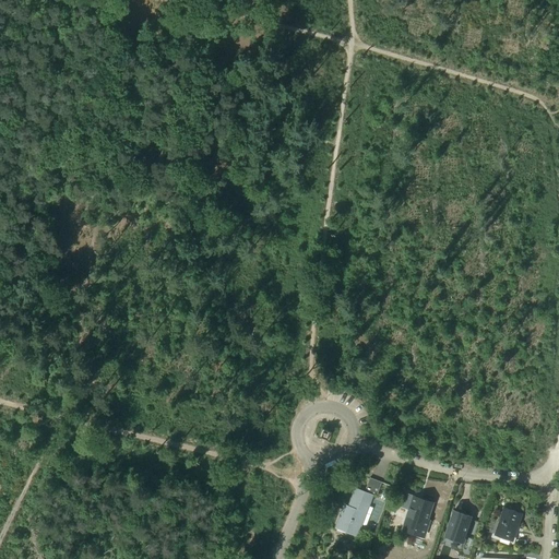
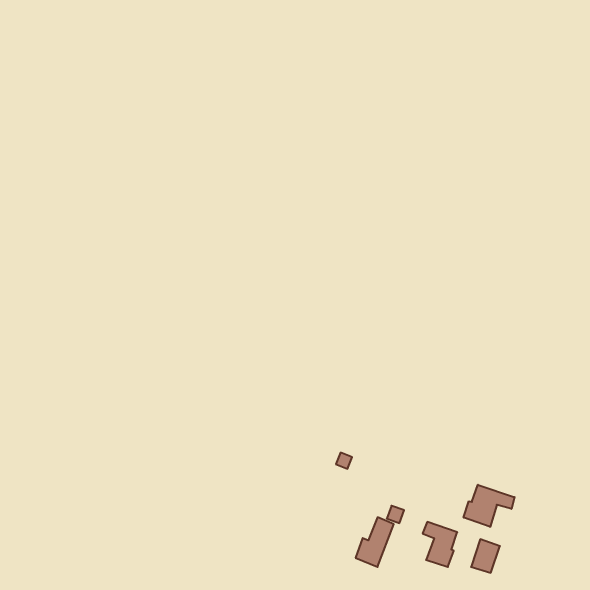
building: none -> [464,485,515,527]
building: [497,508,522,540] -> none

